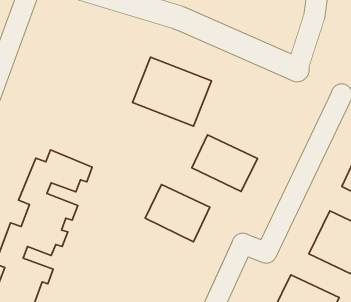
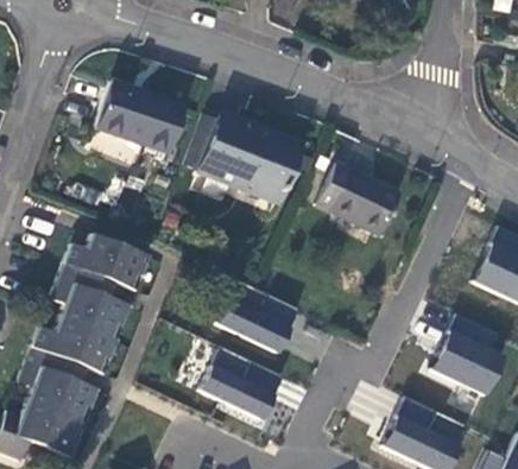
building: none -> [96,80,185,153]
building: [192,135,258,191] -> [317,161,403,235]
building: none -> [202,346,285,419]

